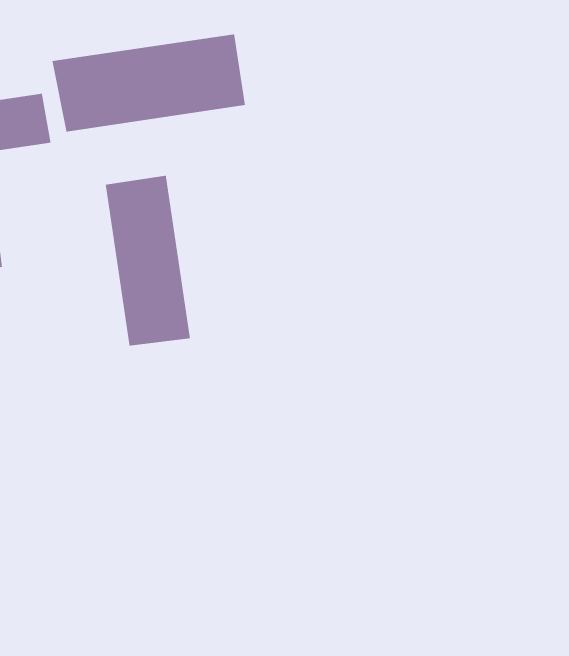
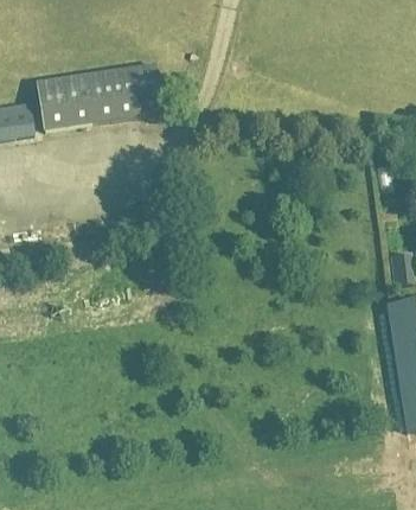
building: [105,175,191,347] -> none

